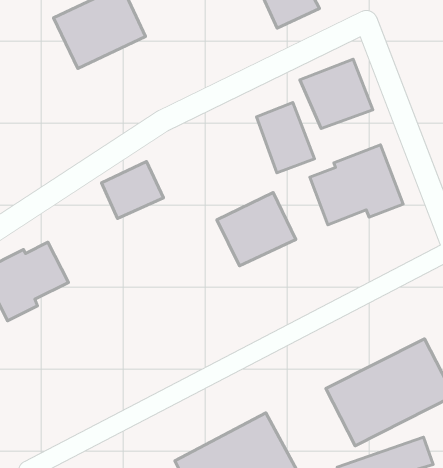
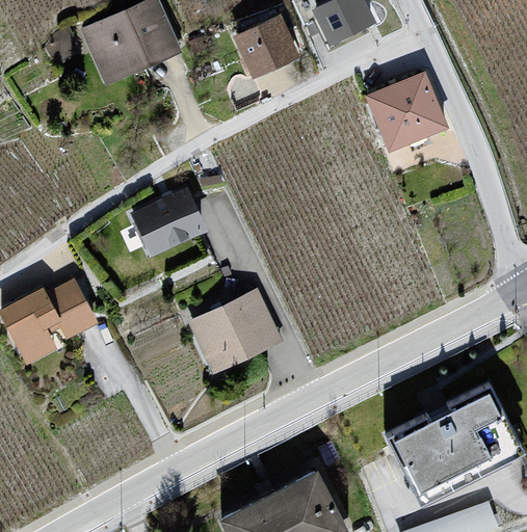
building: none -> [237,18,295,74]
building: [256,103,315,173] -> none
building: [310,145,403,225] -> none
building: [217,193,296,266] -> [191,291,279,372]

